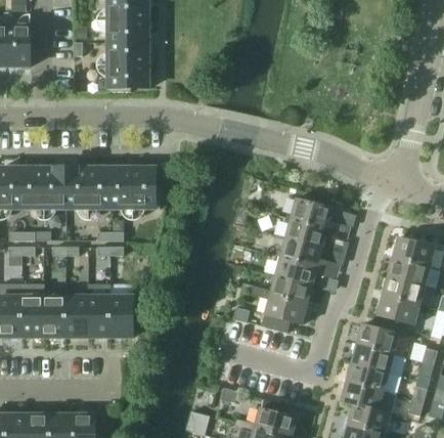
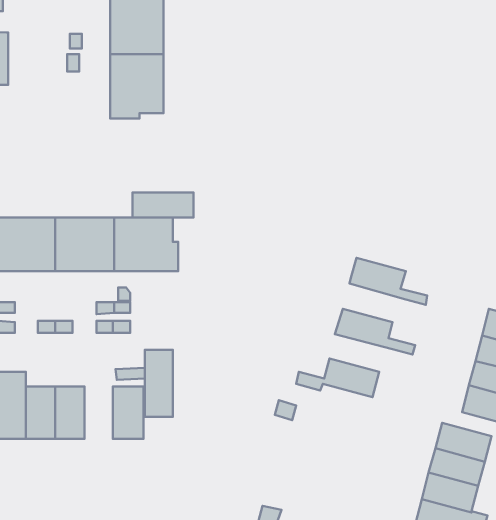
building: none -> [132,192,193,218]
building: [285,217,349,247] -> none
building: [275,256,339,284] -> none
building: [88,284,109,336] -> [145,350,173,417]
building: [261,294,308,332] -> none

